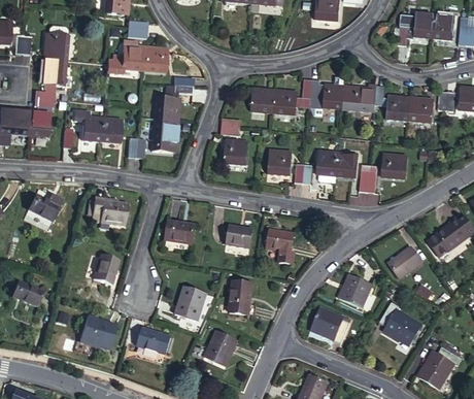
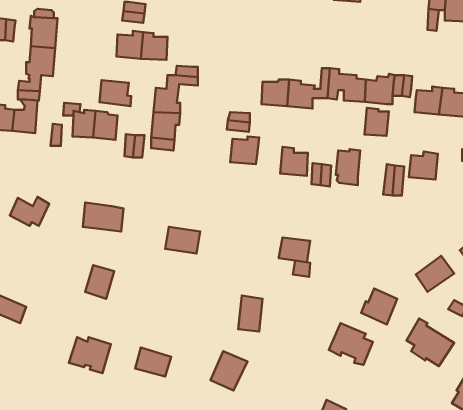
building: none -> [99,80,131,106]
building: [336,153,358,177] -> [364,108,389,136]
building: [226,225,252,247] -> none
building: [176,287,206,321] -> none

